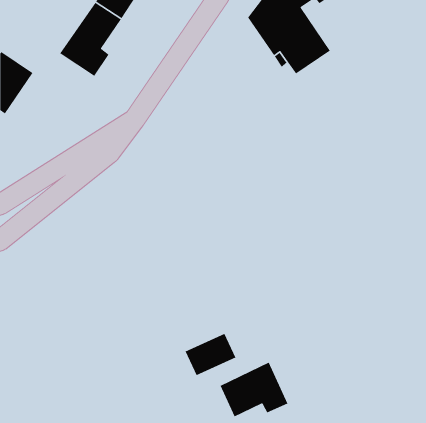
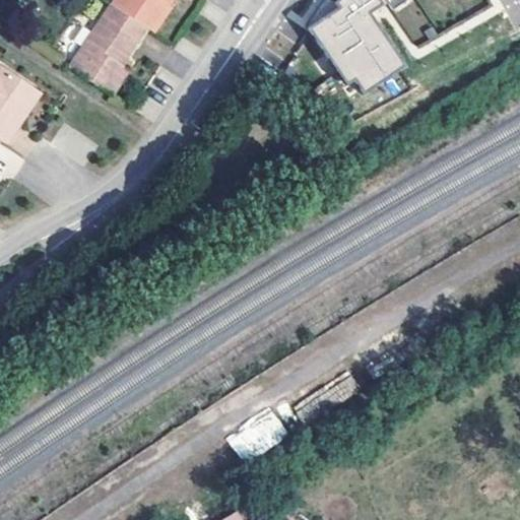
building: [220,362,288,418] -> none

